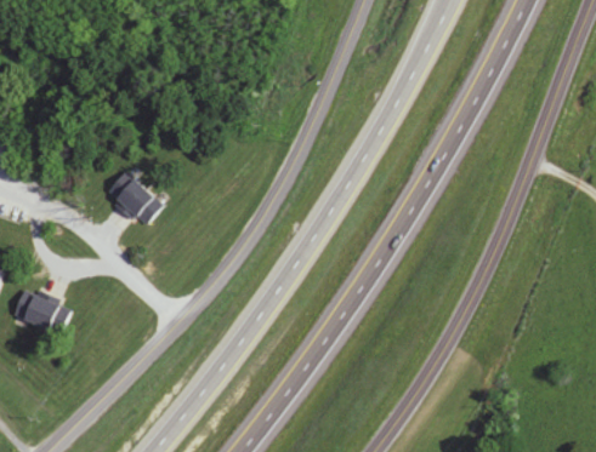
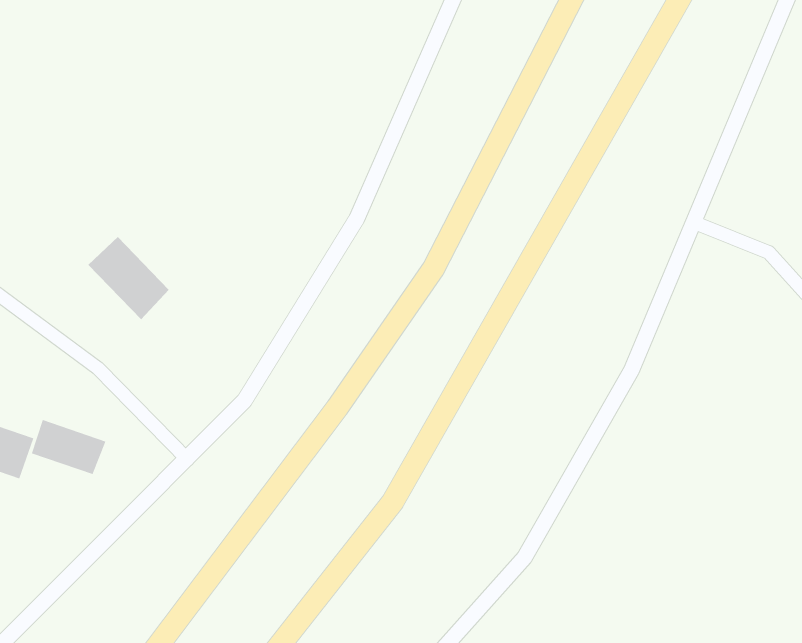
building: none -> [31,419,106,475]

